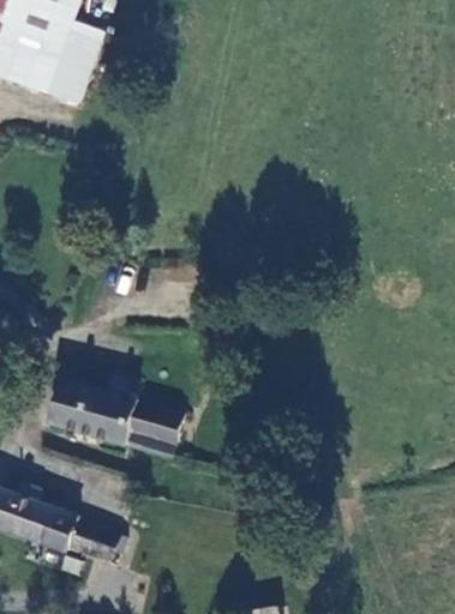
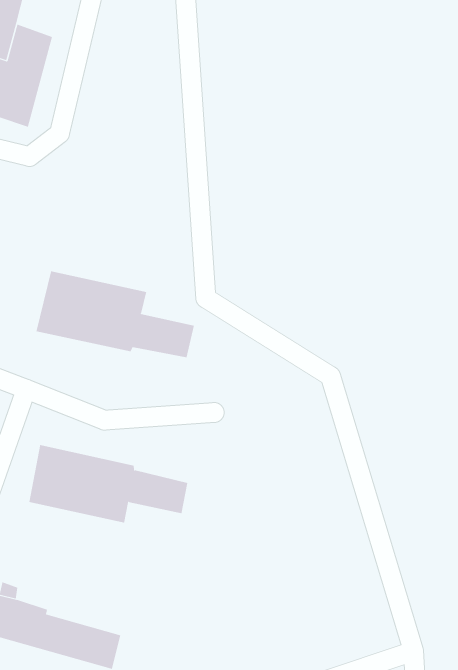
building: none -> [36,271,195,358]

